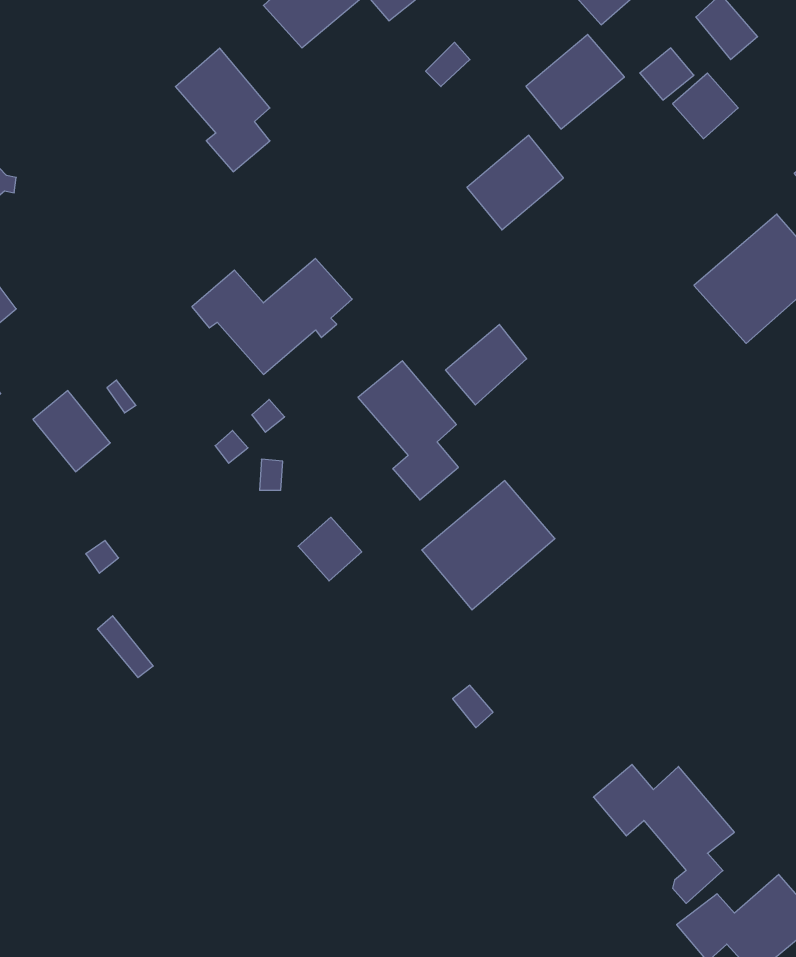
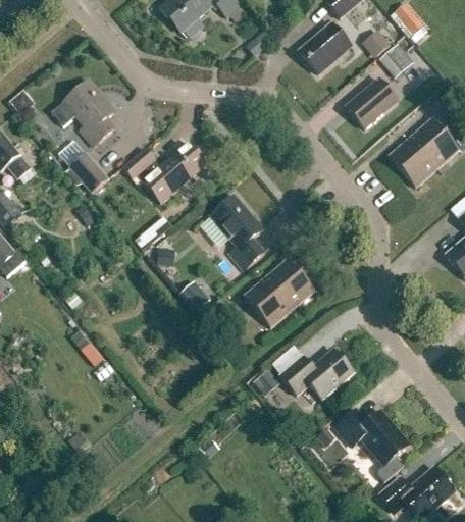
building: [175,48,270,172] -> [64,81,114,146]
building: [467,135,563,230] -> [347,79,398,128]
building: [446,324,527,405] -> none
building: [33,391,110,472] -> [66,153,107,196]
building: none -> [280,349,354,400]

